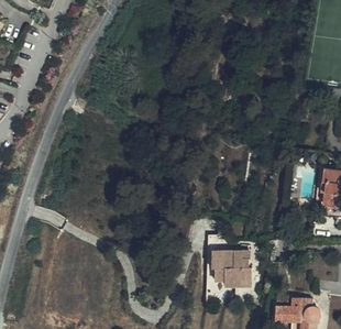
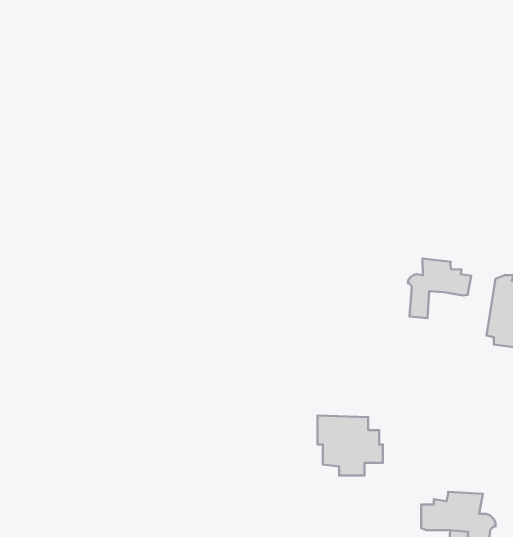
building: none -> [408,258,471,318]

